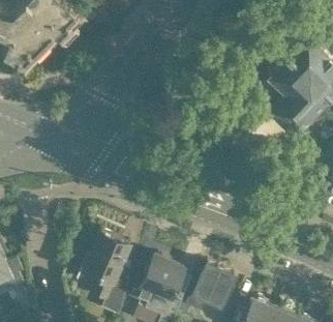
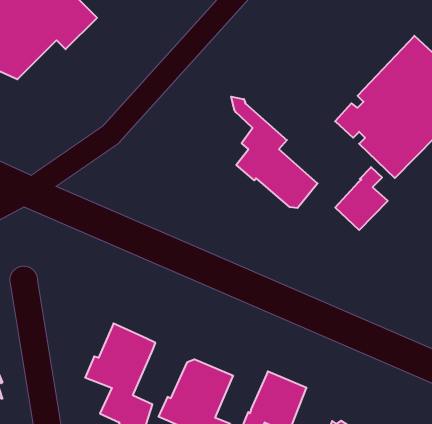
building: none -> [231,97,318,208]
building: none -> [335,167,388,230]

